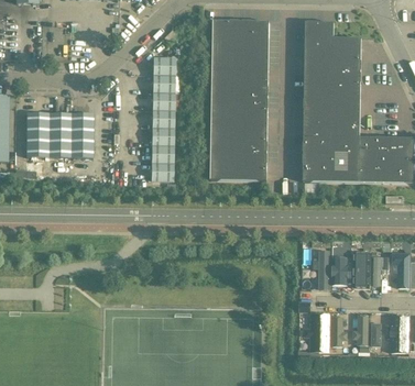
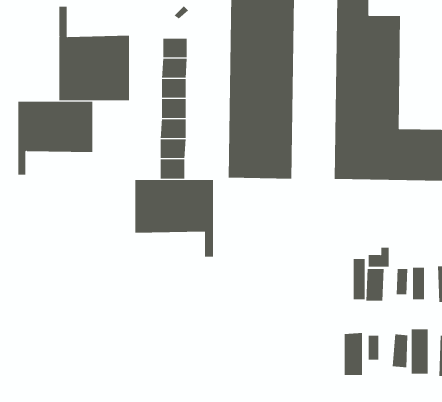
building: none -> [59,6,129,101]
building: none -> [135,179,214,258]

